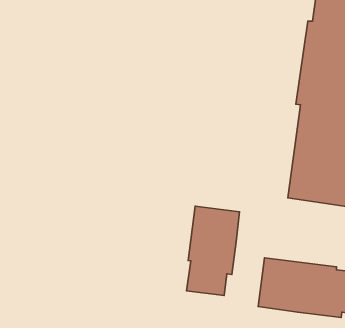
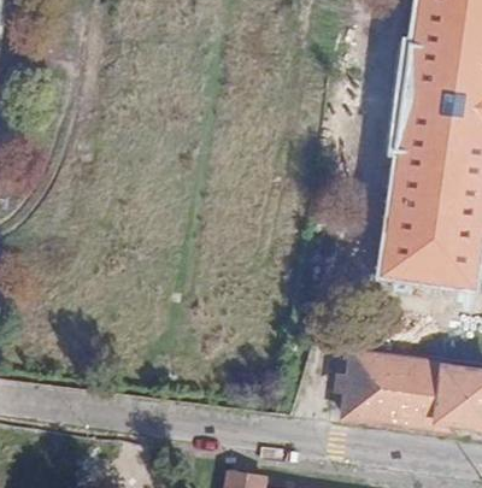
building: [186,206,240,295] -> none

